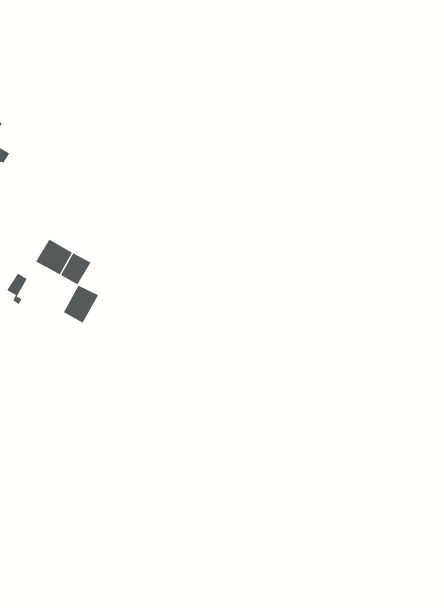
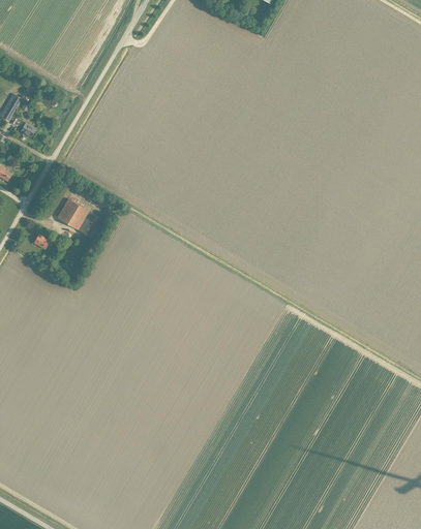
building: [63,285,99,324] -> none

